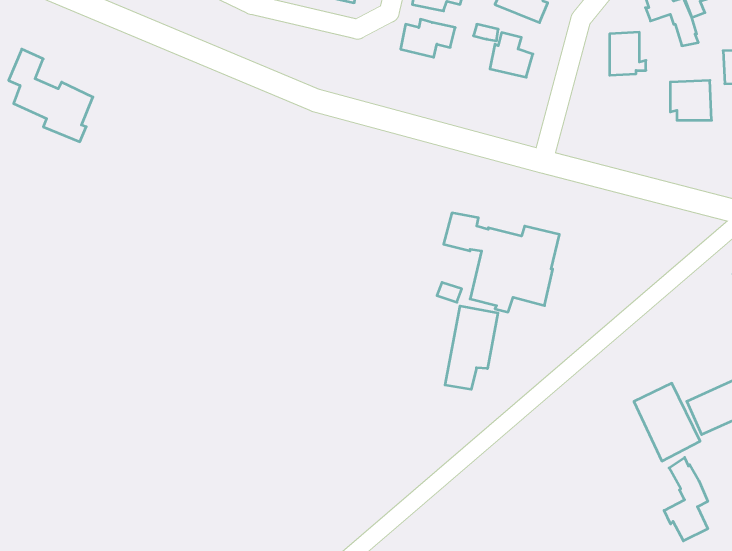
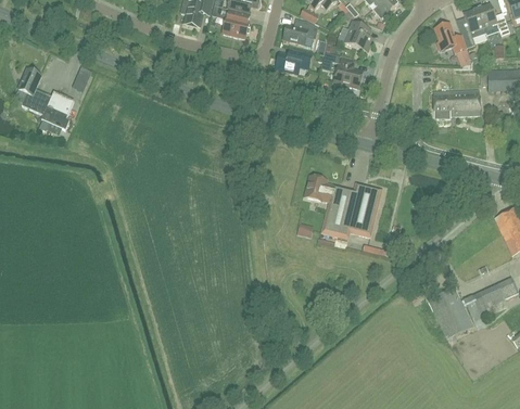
building: [610,32,646,75] -> [433,89,457,117]
building: [445,306,498,389] -> none
building: [664,457,708,541] -> none

